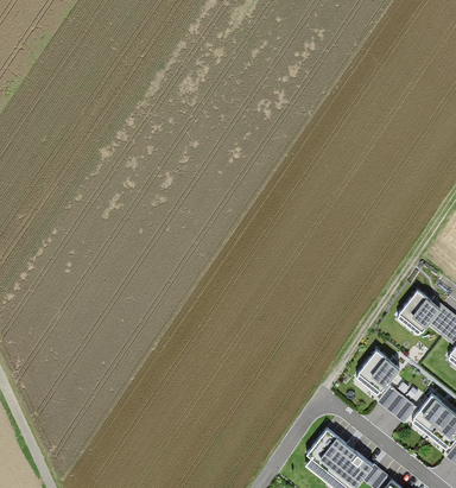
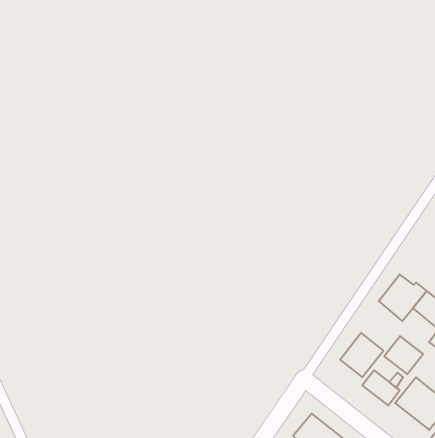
building: none -> [384,336,423,374]

